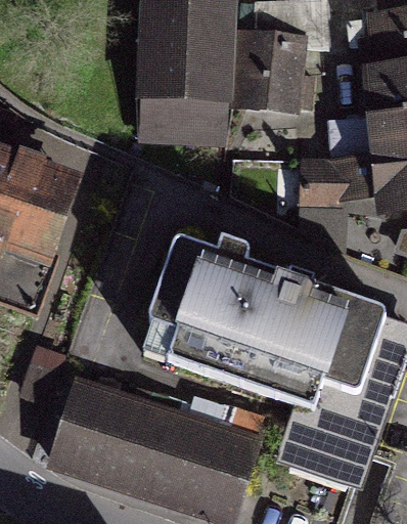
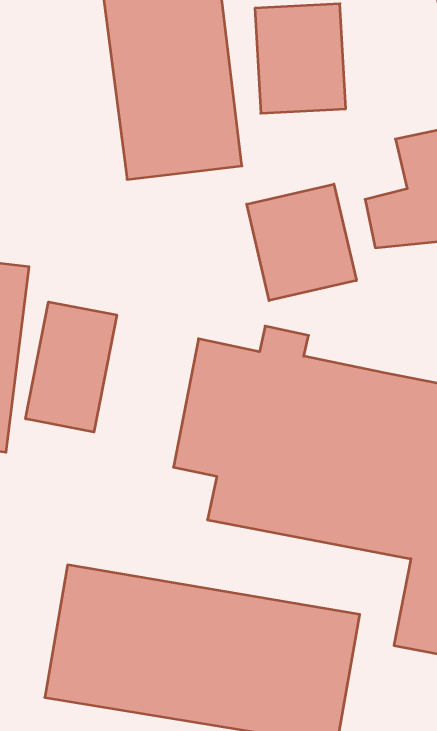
building: none -> [247,184,356,301]
building: none -> [26,302,117,432]

